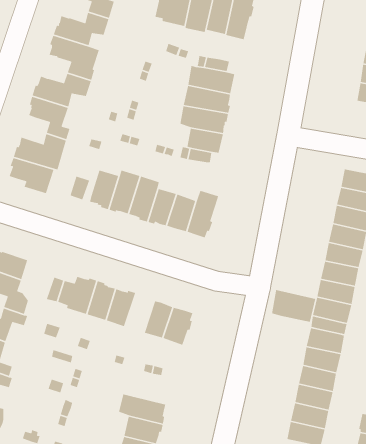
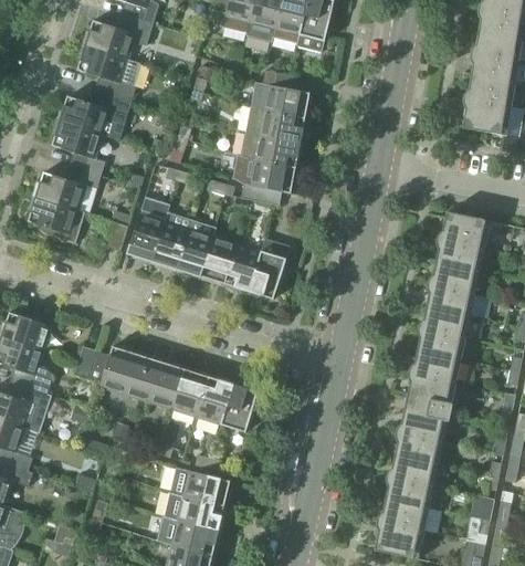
building: [271,289,316,323] -> none
building: none -> [171,366,209,417]
building: none -> [169,467,229,505]

